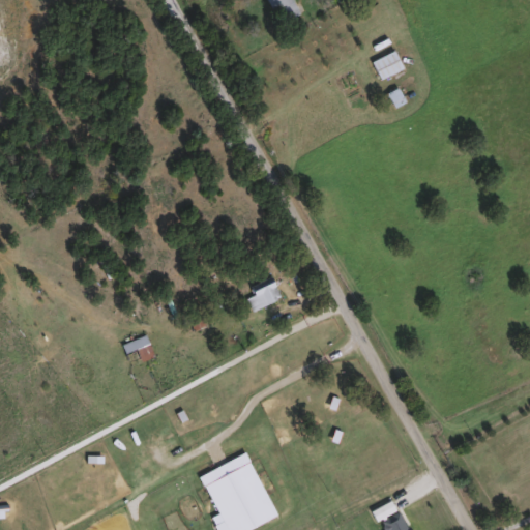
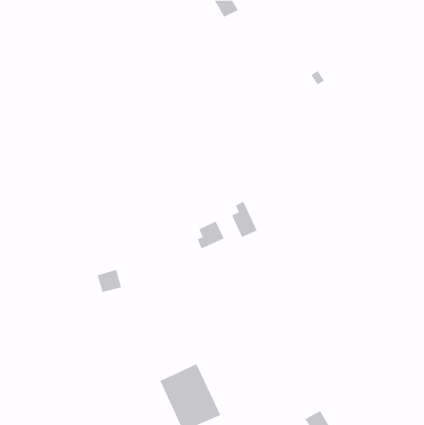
building: [372,50,404,80] -> none
building: none -> [232,201,258,238]

